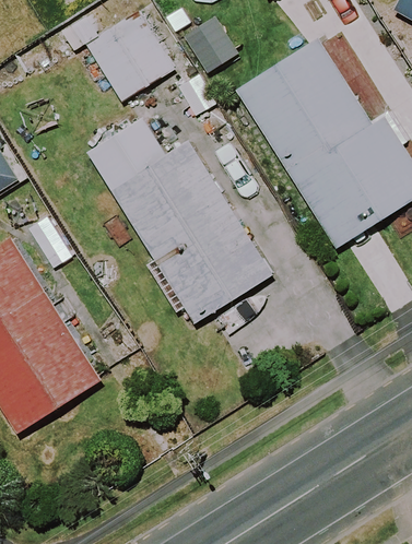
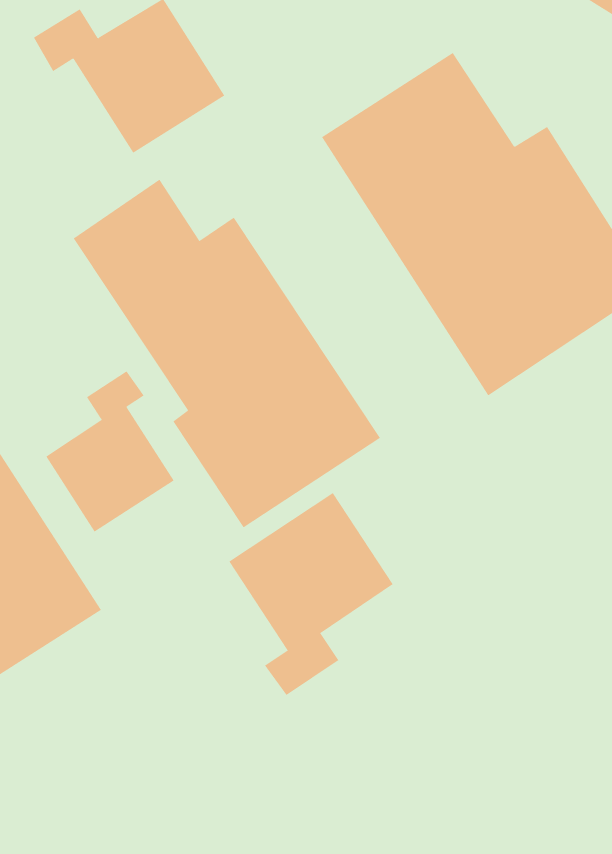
building: none -> [45,370,174,533]
building: none -> [229,492,394,696]

